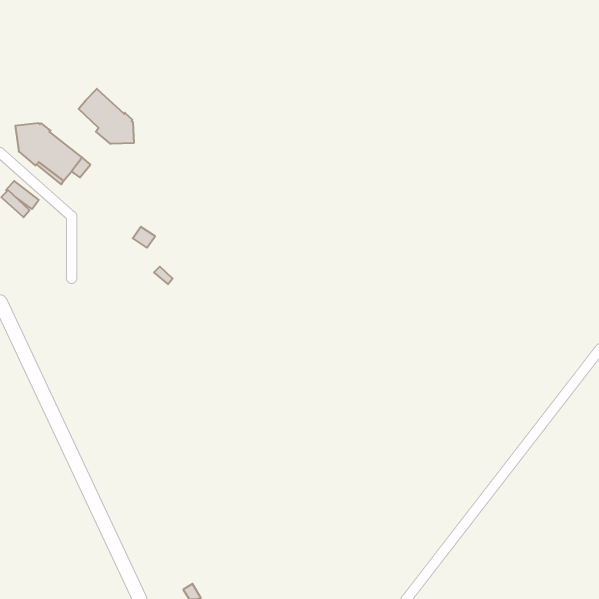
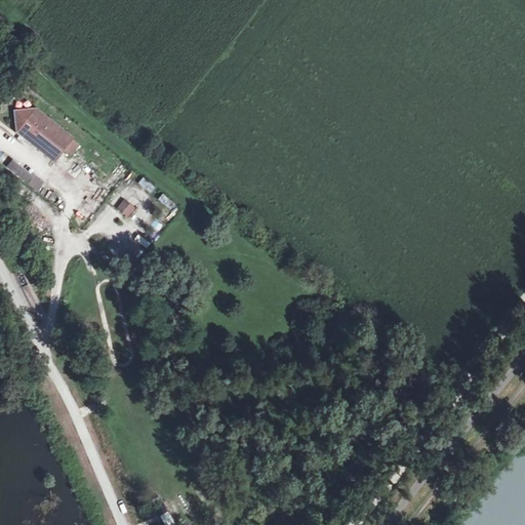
building: [79,89,134,144] -> none

